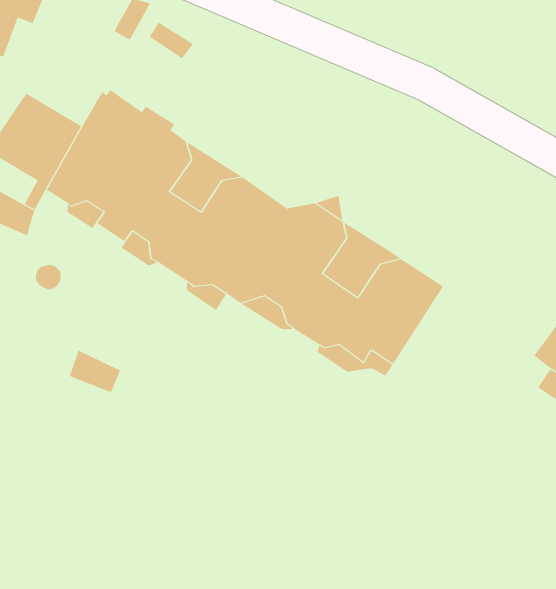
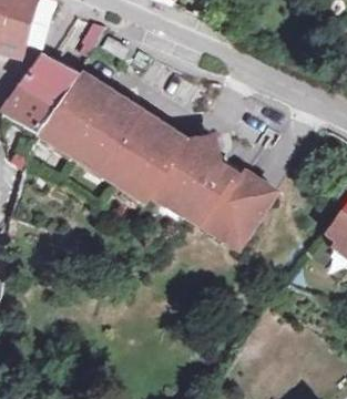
building: none -> [24,52,70,92]

